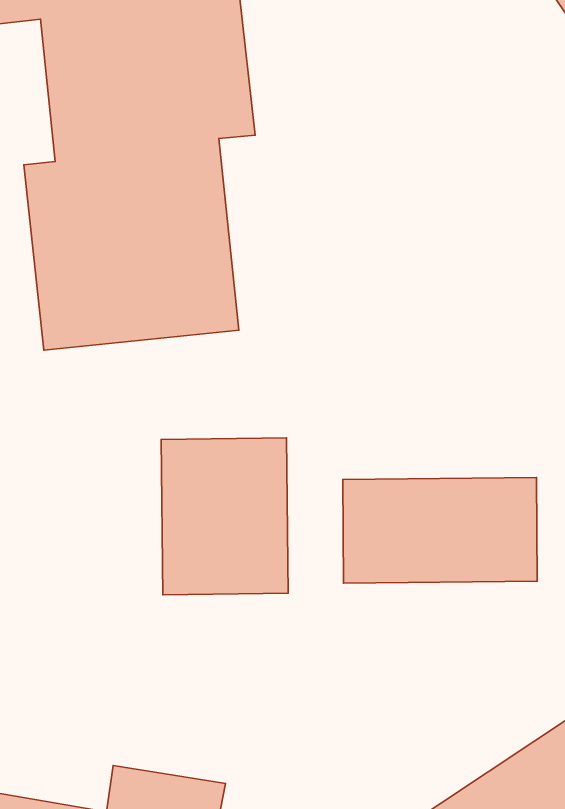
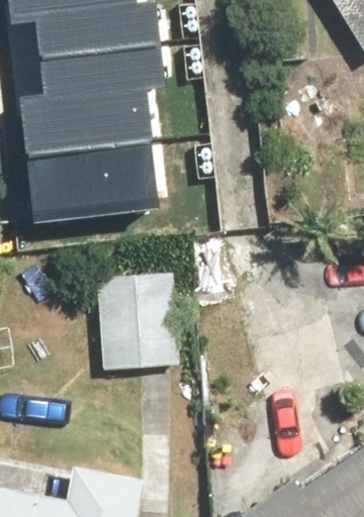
building: [343,477,537,583] -> none

